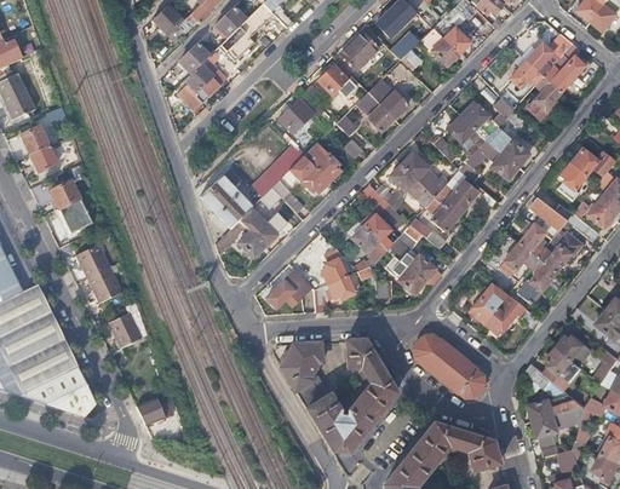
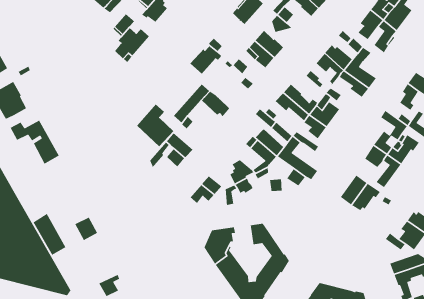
building: [317,64,360,97] -> none
building: [304,142,340,182] -> none
building: [78,243,121,301] -> [32,213,66,256]
building: [415,335,482,397] -> none

